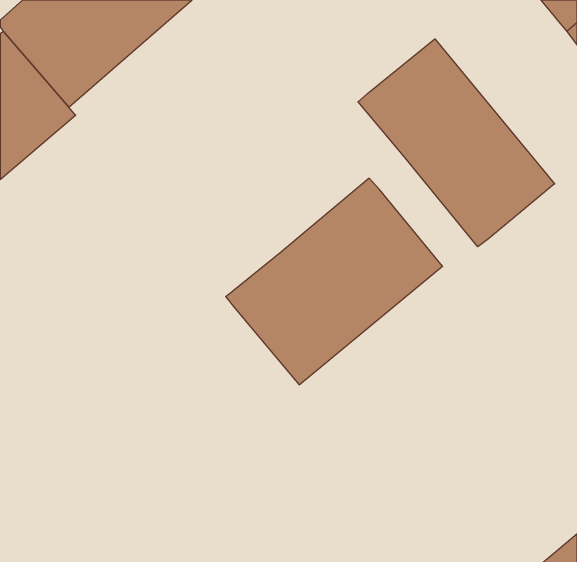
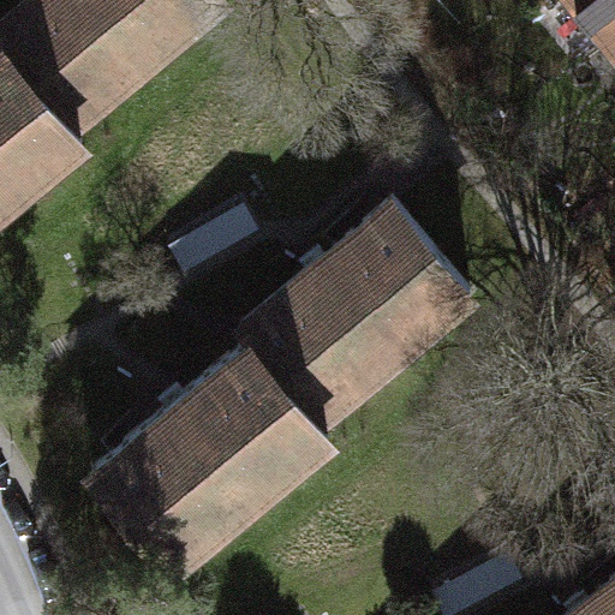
building: [358,39,555,247] -> none
building: none -> [91,344,328,569]

